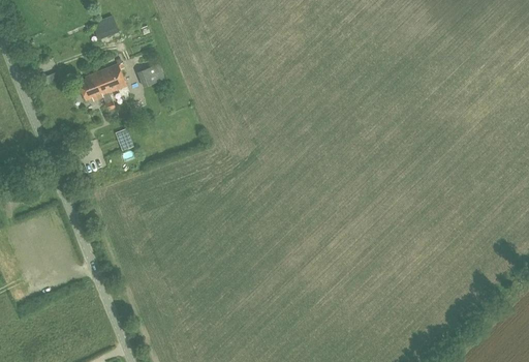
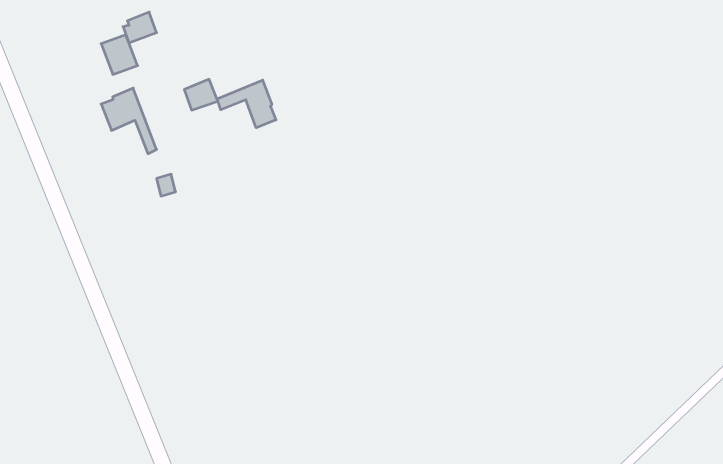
building: [100,64,126,92] -> [101,35,138,74]
building: none -> [217,80,276,128]

